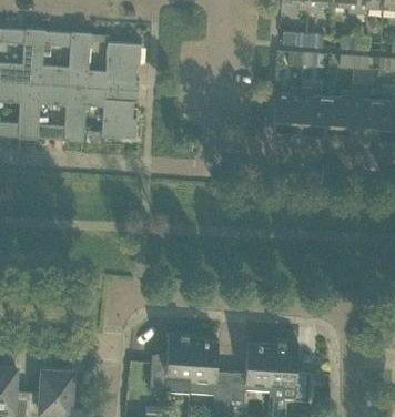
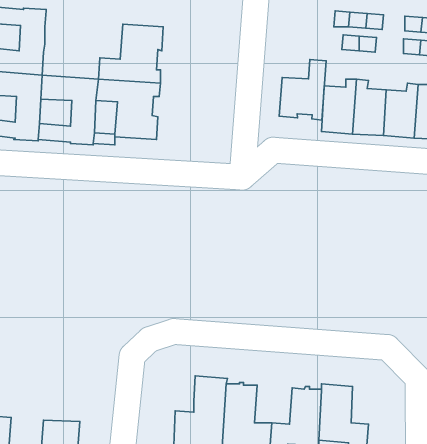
building: [41,31,91,88] -> none
building: none -> [279,59,326,120]

